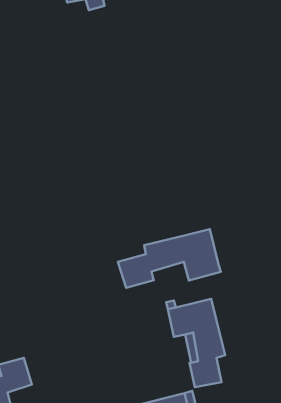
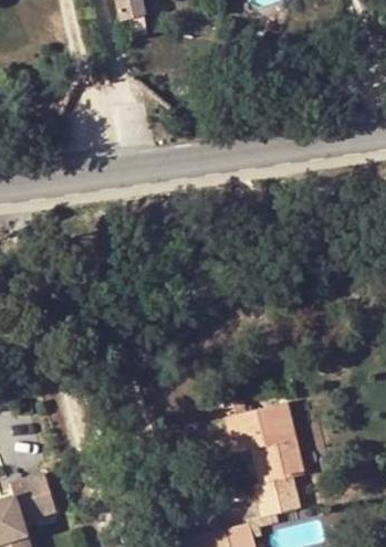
building: [118,229,221,288] -> none

